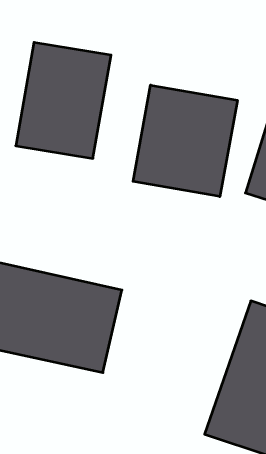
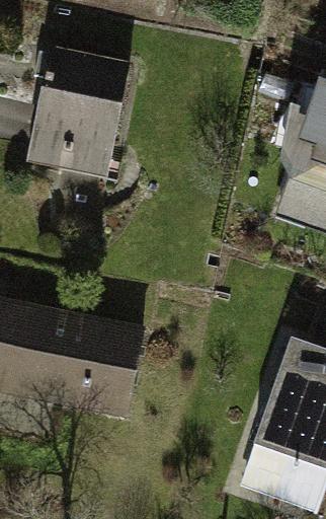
building: [133,85,237,197] -> none

